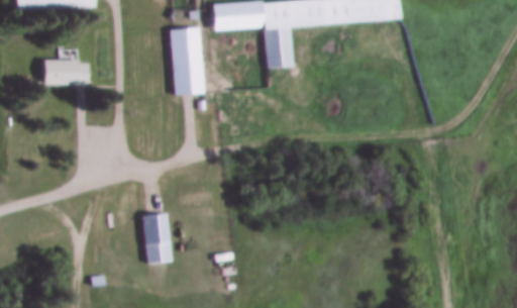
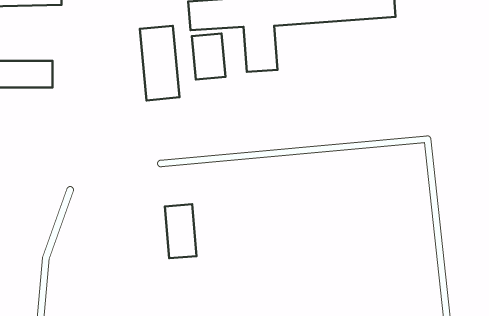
building: none -> [192,34,225,80]
building: [142,213,172,263] -> [165,204,197,258]

